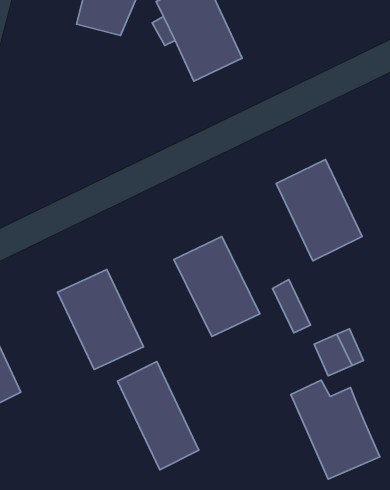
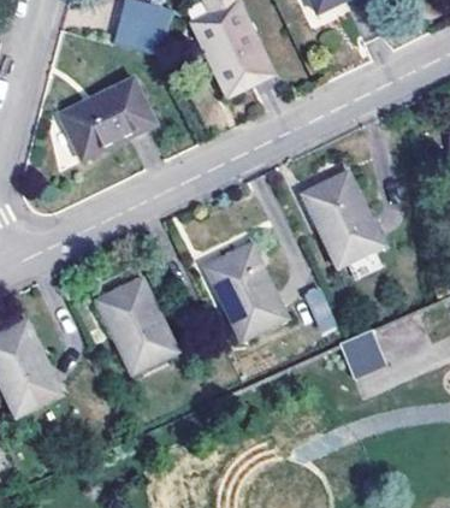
building: none -> [57,78,153,160]
building: [118,361,199,470] -> none
building: [291,380,380,479] -> none

